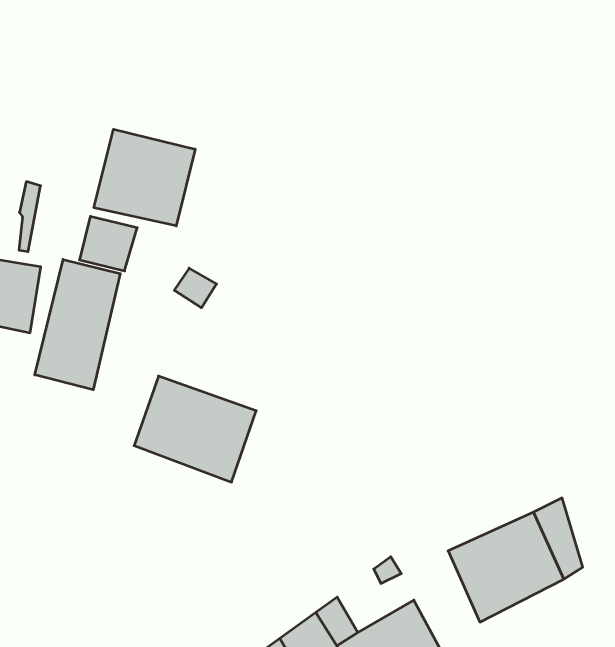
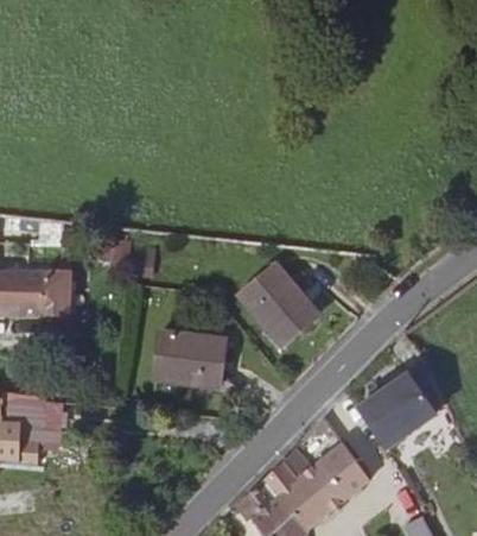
building: [94,129,195,226] -> none
building: [35,259,120,390] -> none
building: none -> [238,266,318,347]

